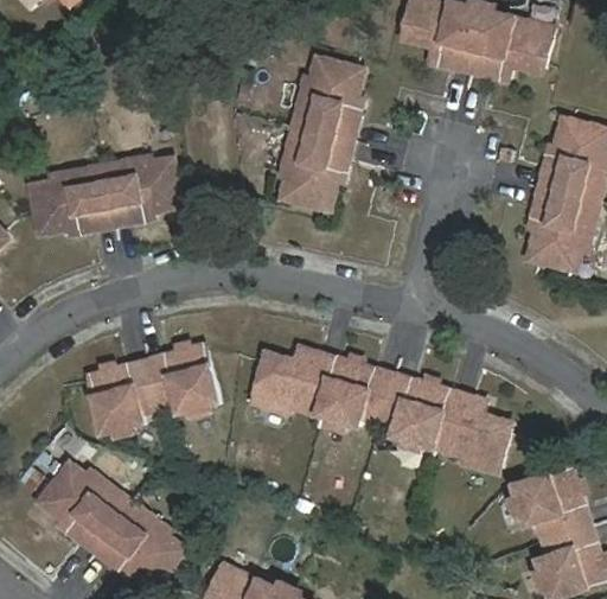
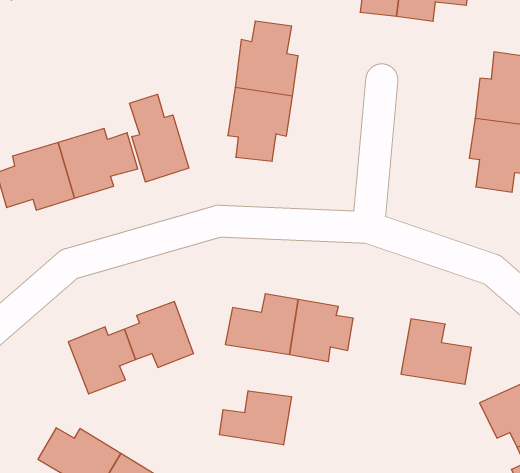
building: none -> [130,94,189,182]
building: [379,378,449,447] -> none
building: none -> [219,391,291,445]

